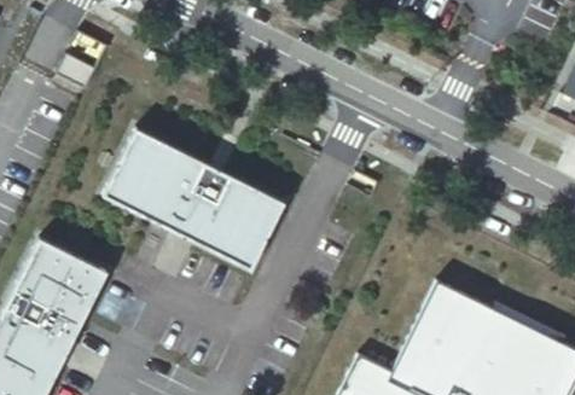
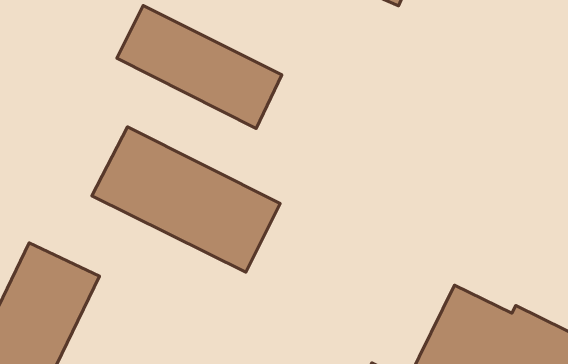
building: none -> [117,6,282,128]

